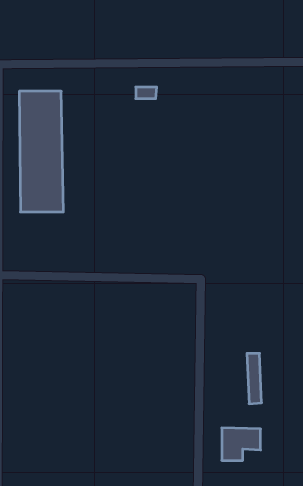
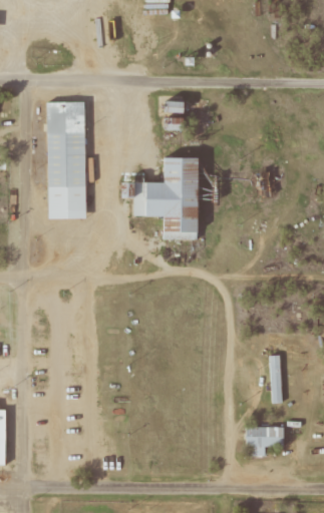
building: none -> [134,159,200,239]

